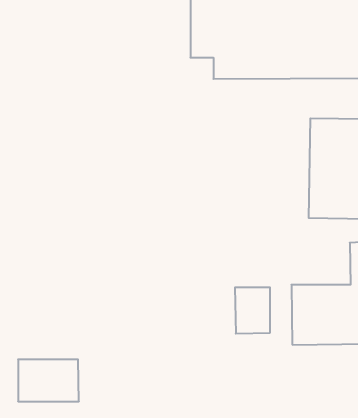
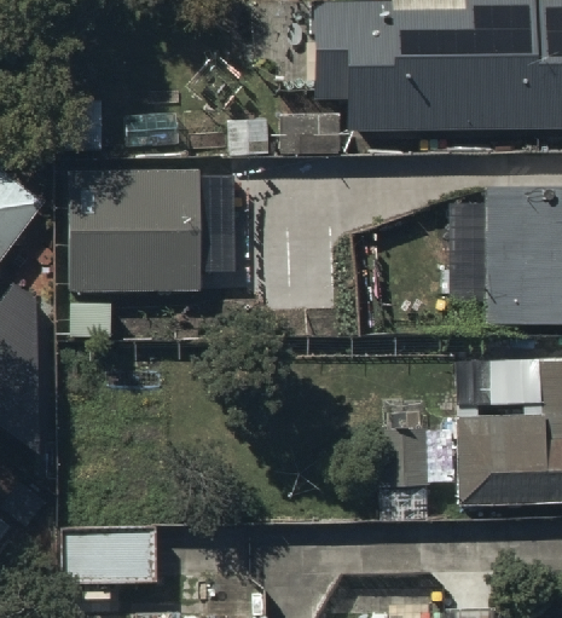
building: none -> [68,168,203,272]

